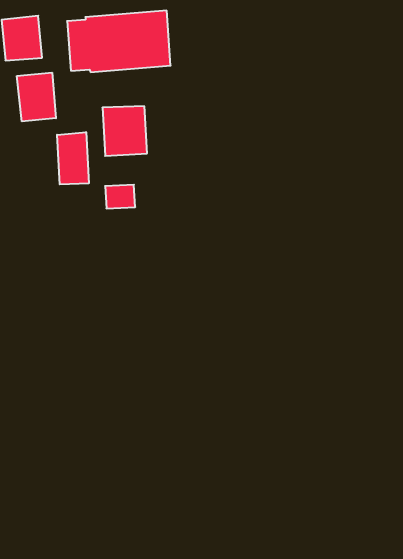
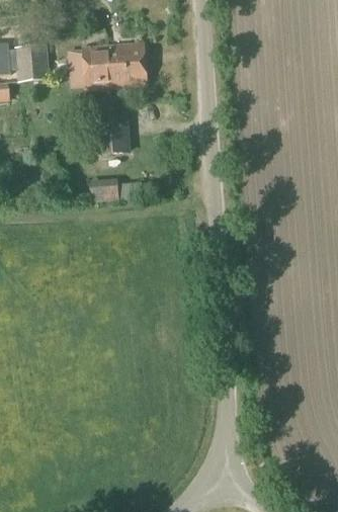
building: [17,73,56,121] -> none
building: [57,132,89,184] -> none

